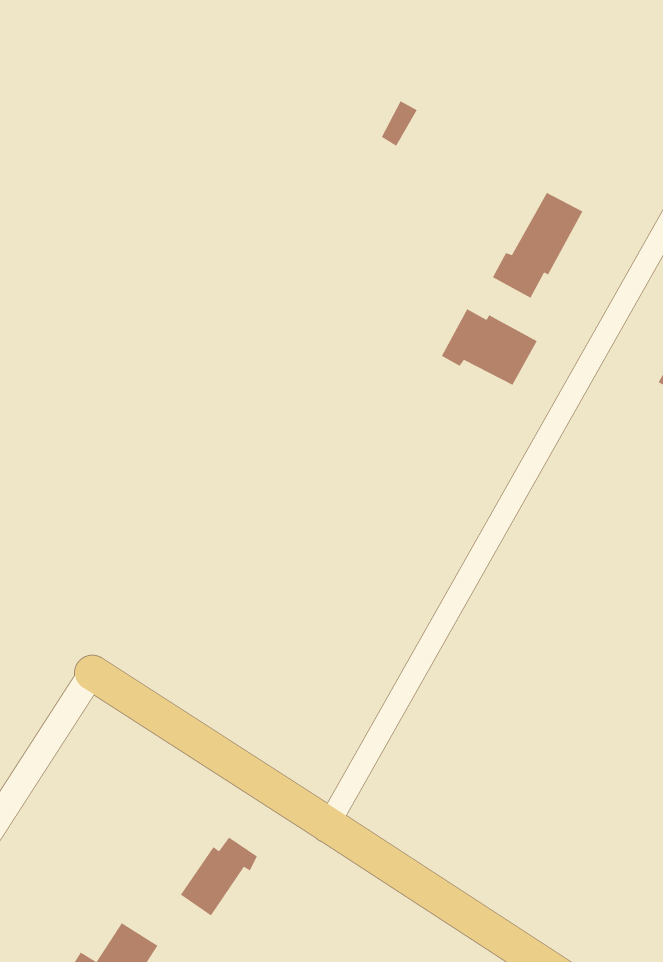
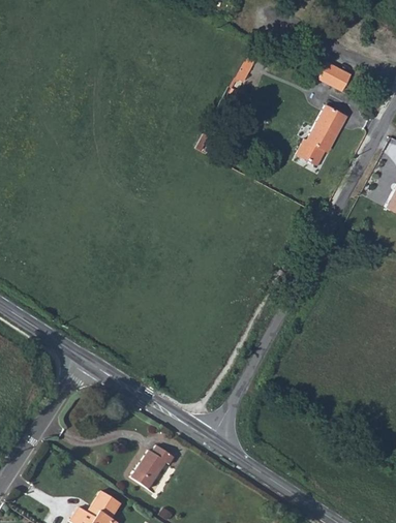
building: none -> [318,61,352,91]
building: [441,308,538,386] -> none

